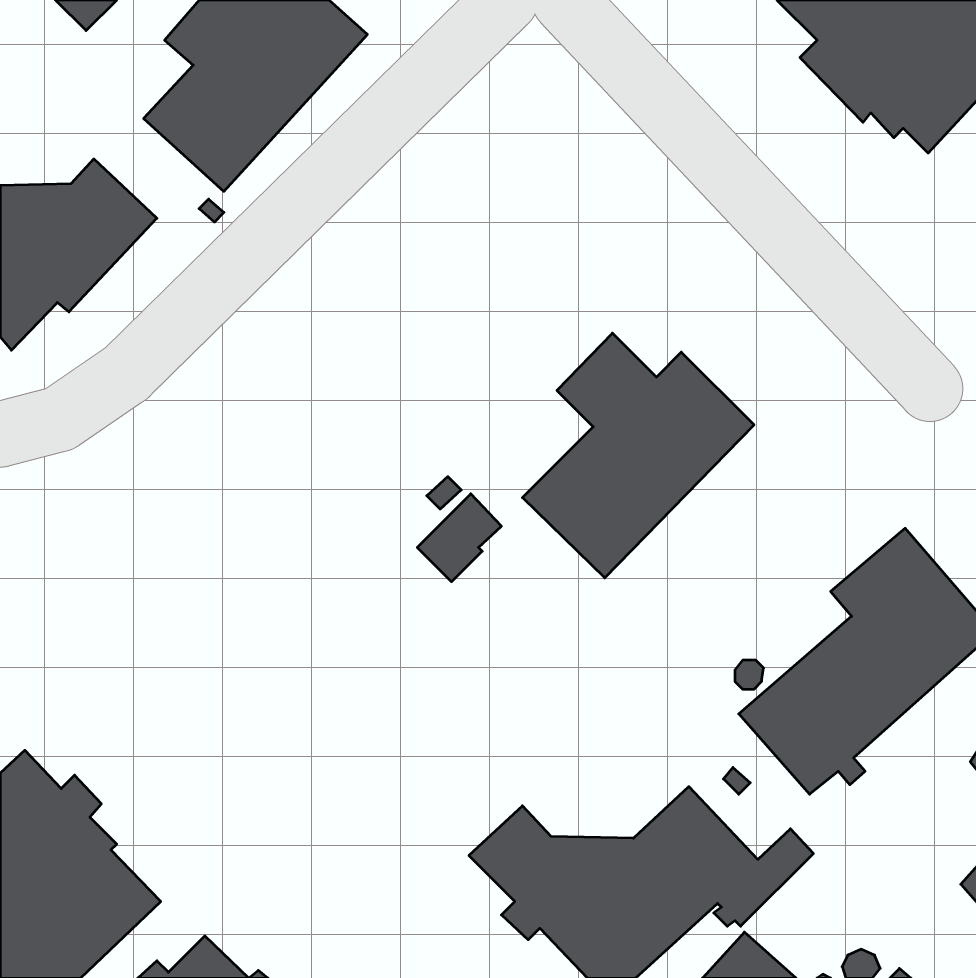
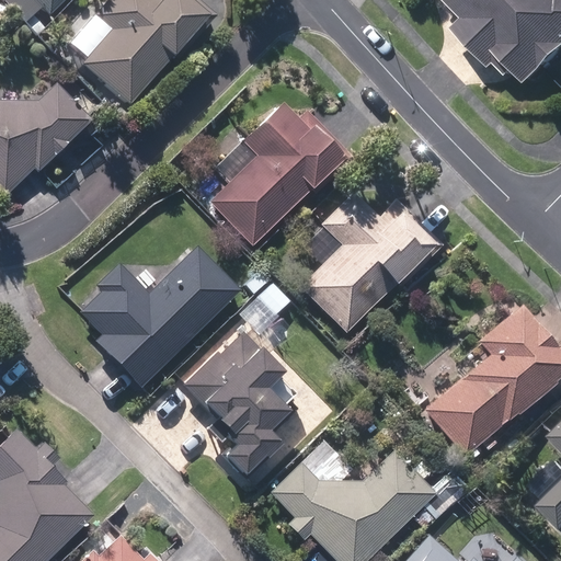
building: none -> [209,101,347,256]
building: none -> [82,245,240,387]
building: none -> [184,331,294,471]

